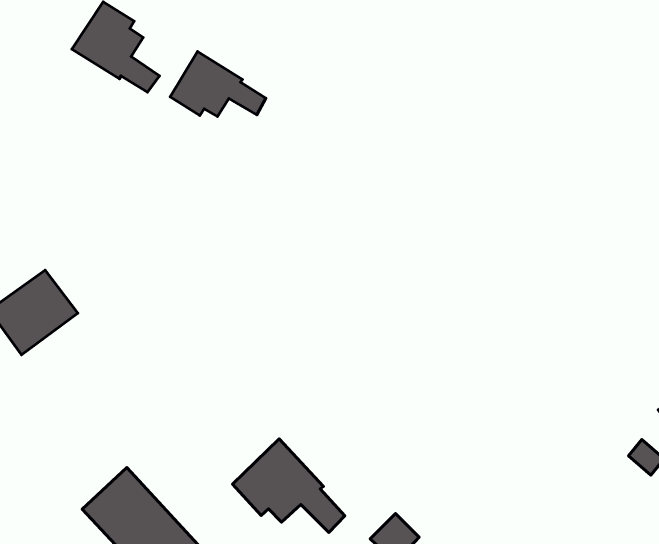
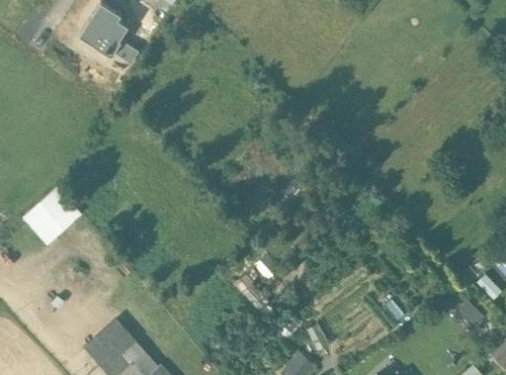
building: [170,51,266,116] -> none
building: [232,439,345,533] -> none

